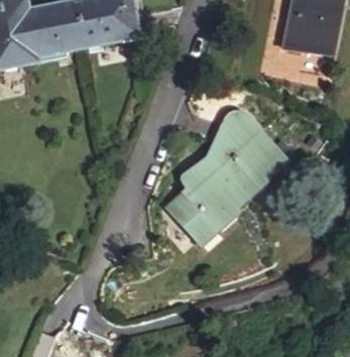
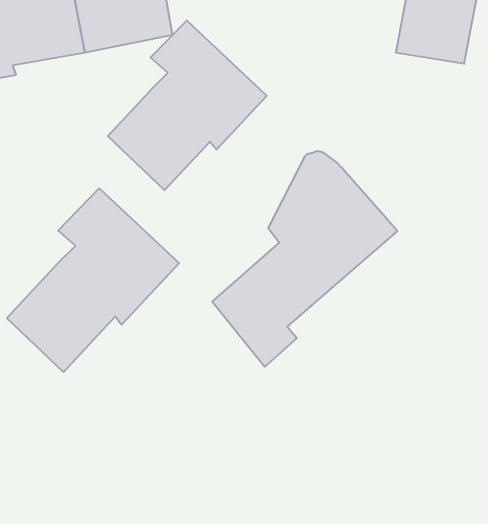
building: none -> [108,20,267,190]
building: none -> [7,188,179,372]

